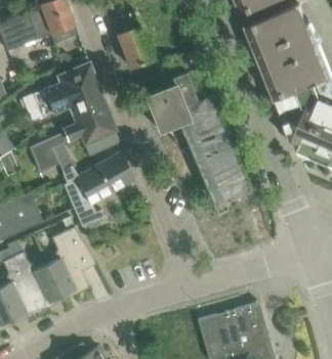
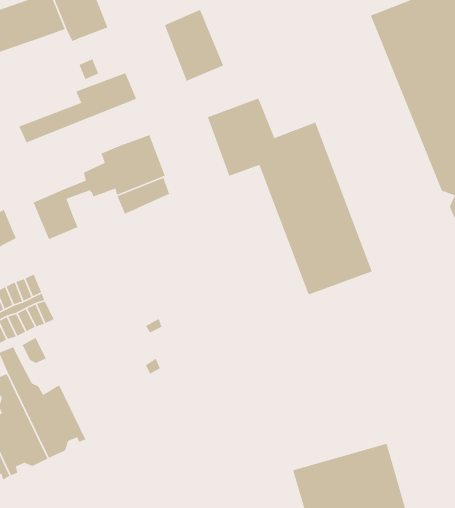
building: [25,79,105,120] -> none
building: [51,138,134,226] -> none
building: [46,215,95,299] -> none

